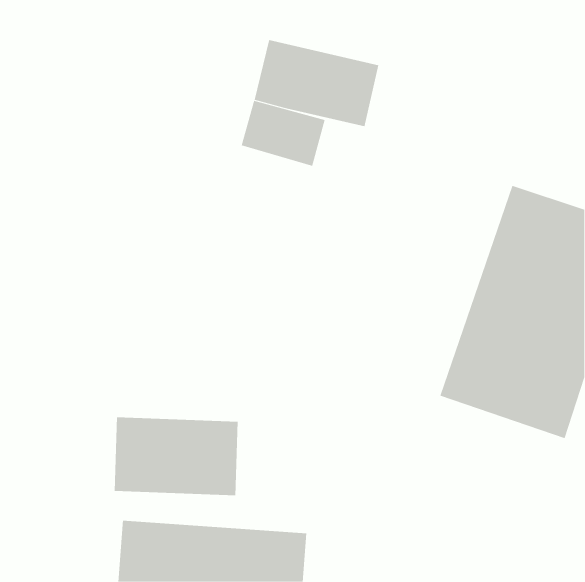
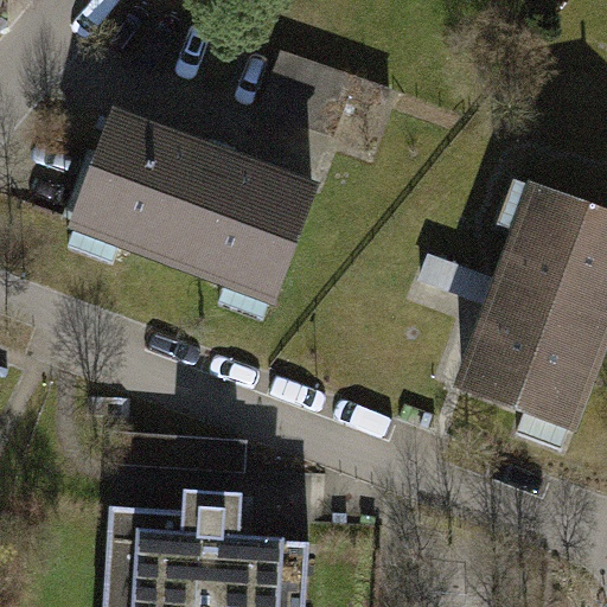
building: none -> [94,122,336,304]

